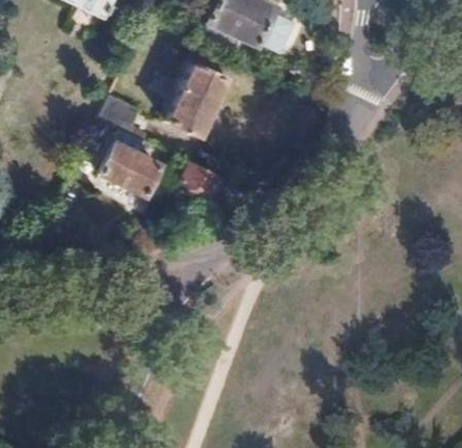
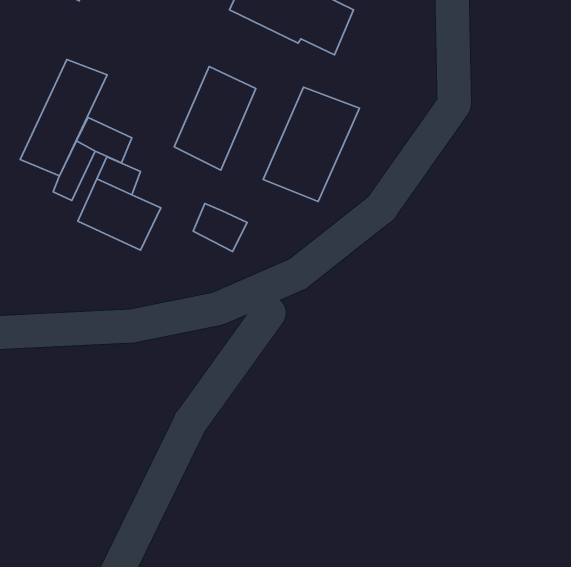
building: none -> [20,60,107,176]
building: none -> [263,87,360,202]

